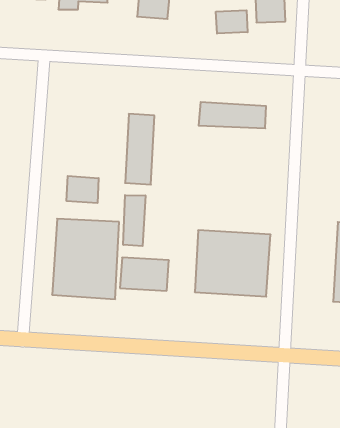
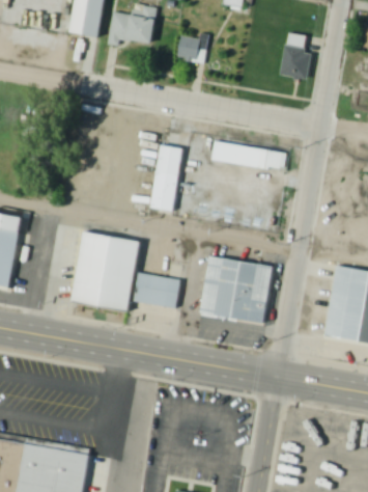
building: [216,10,248,34] -> none
building: [67,176,99,203] -> none
building: [123,195,145,246] -> none

